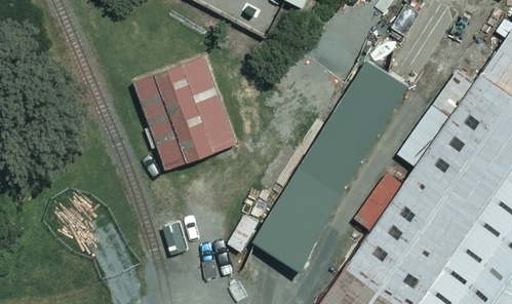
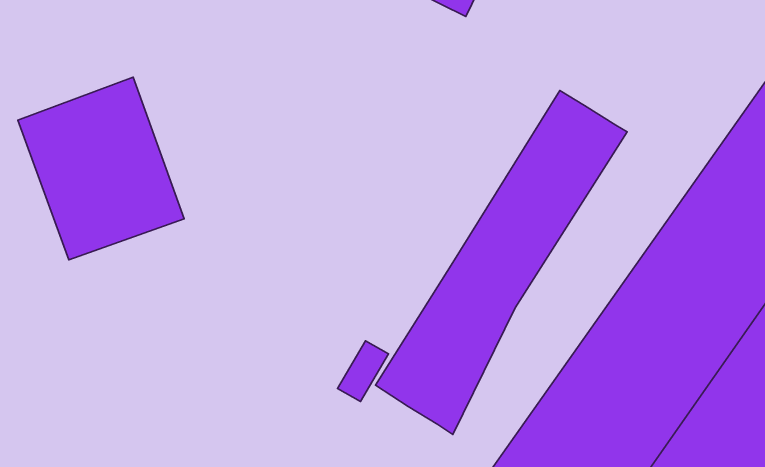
building: [134,55,238,169] -> [18,77,184,260]

